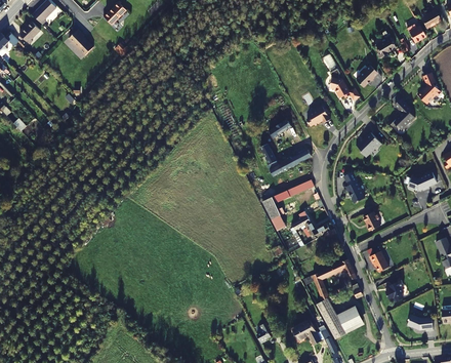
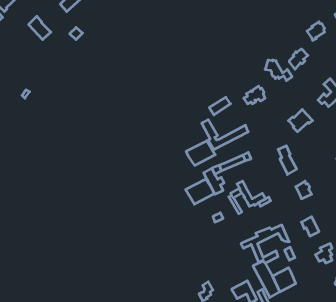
building: none -> [186,141,215,165]
building: none -> [186,179,214,204]

